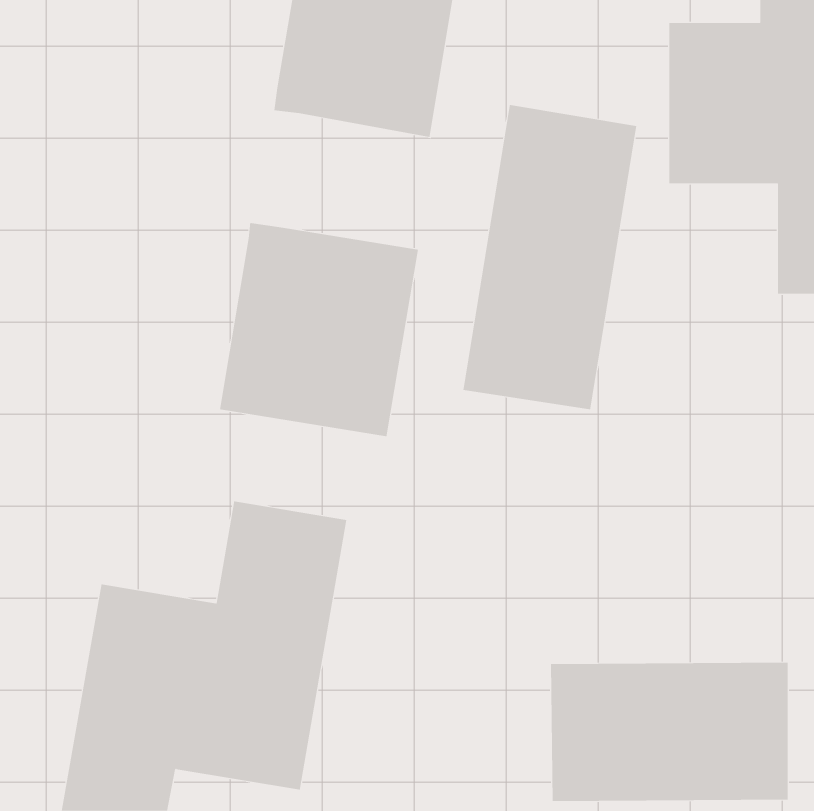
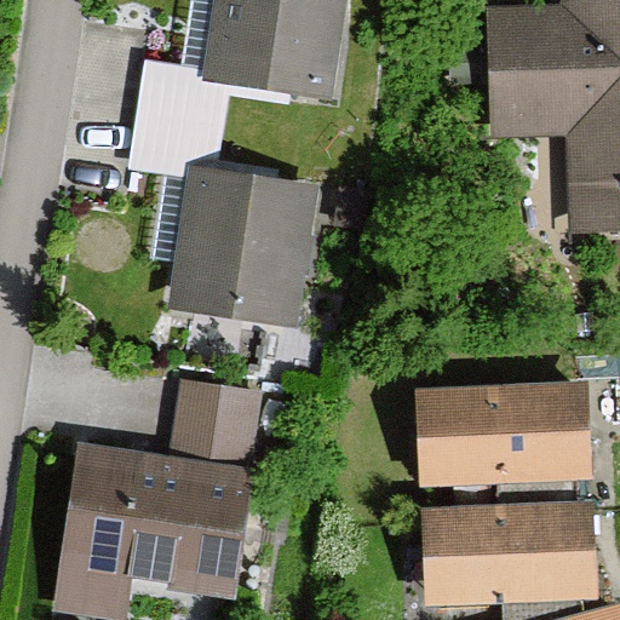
building: none -> [127,57,229,180]
building: [463,104,637,410] -> none
building: none -> [413,378,590,487]

